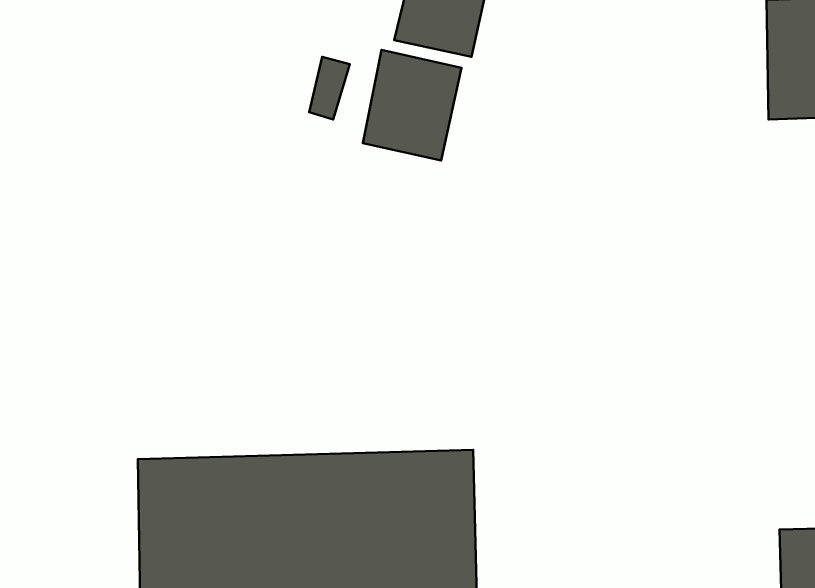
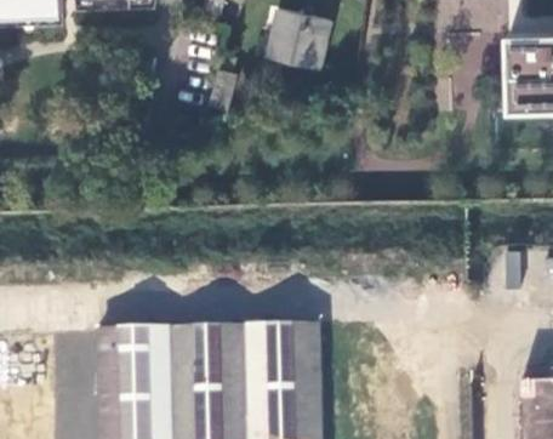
building: [363,50,462,160] -> none

